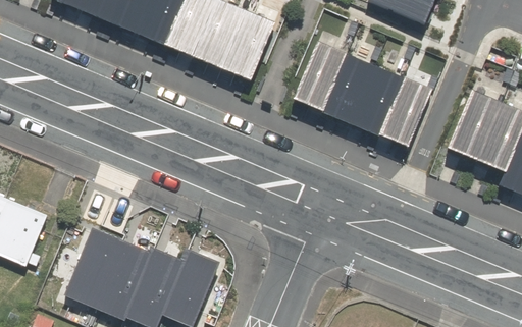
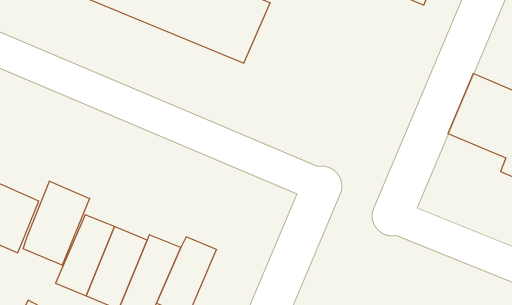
building: [293,42,431,148] -> none
building: none -> [23,181,90,265]

